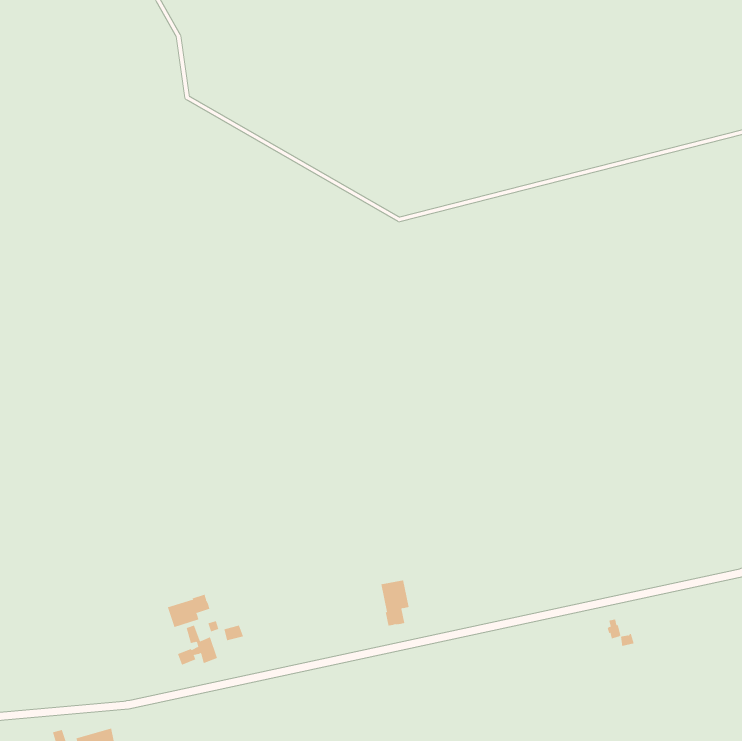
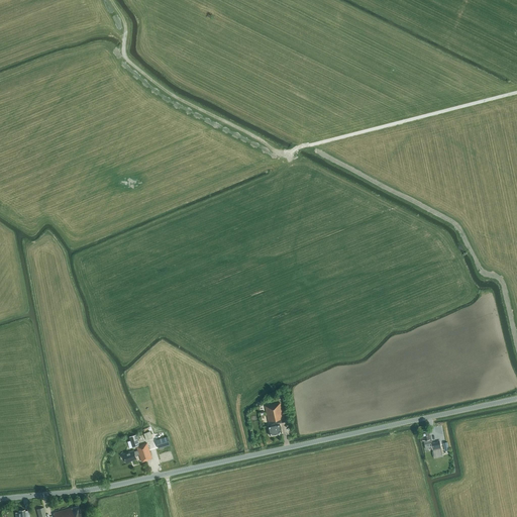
building: [167,594,210,628] -> none

